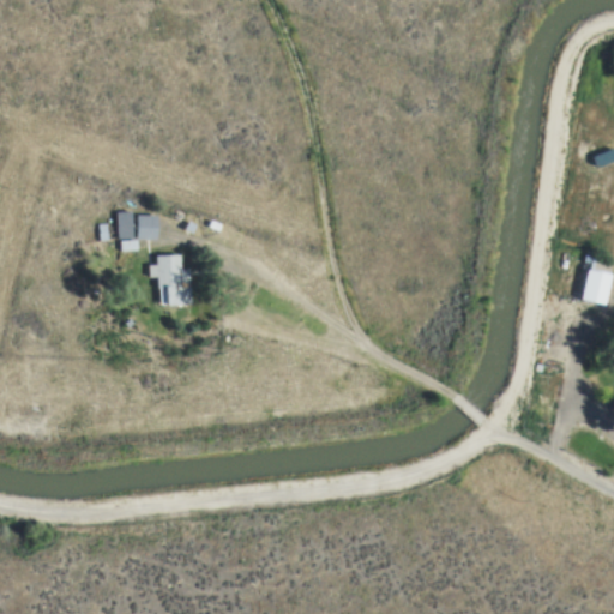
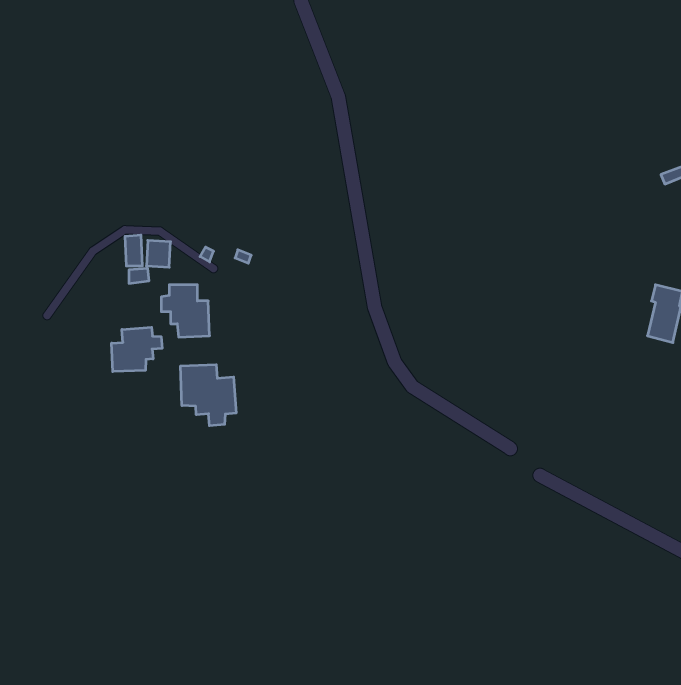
building: none -> [112,327,162,372]
building: none -> [181,365,236,426]

